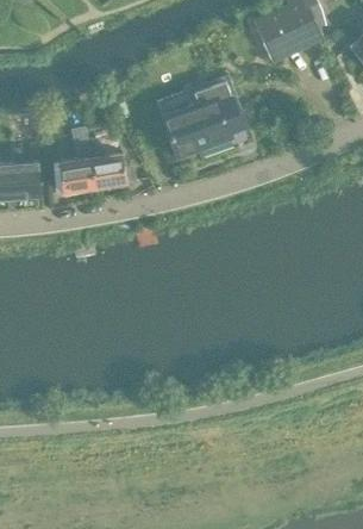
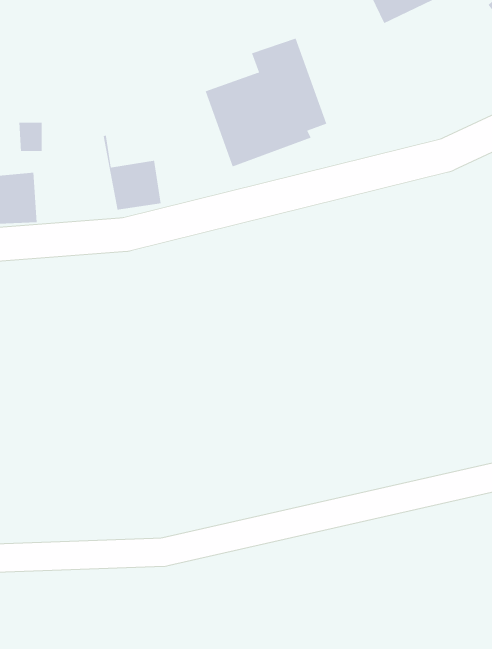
building: [60,137,95,193] -> none

